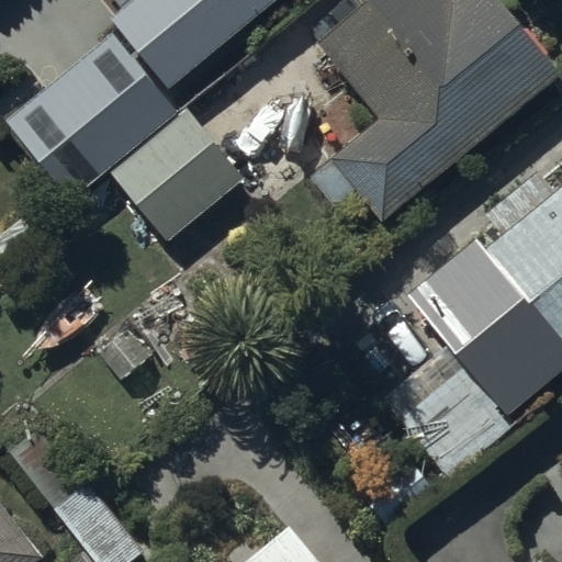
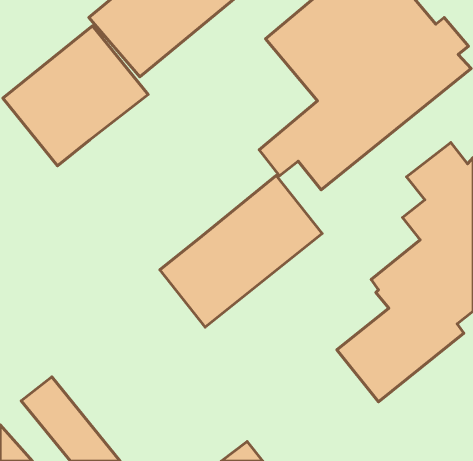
building: [106,105,243,239] -> none
building: none -> [160,175,322,327]

